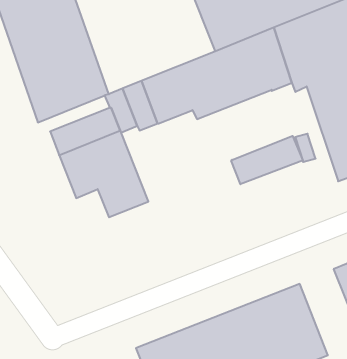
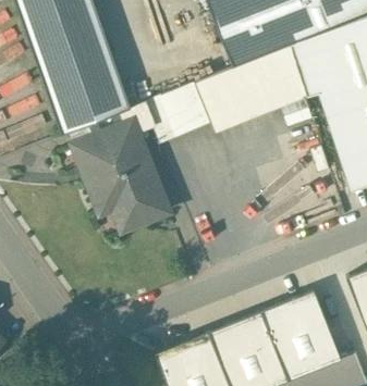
building: [231,136,303,184] -> none

